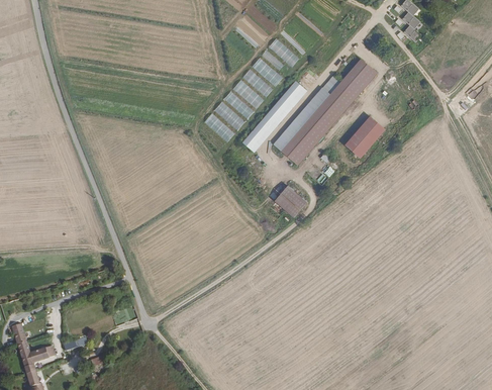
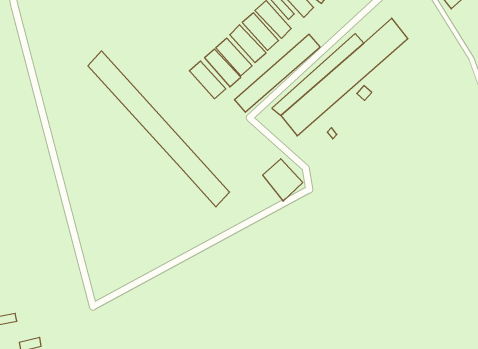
building: none -> [88,51,230,207]
building: [346,116,384,157] -> none

